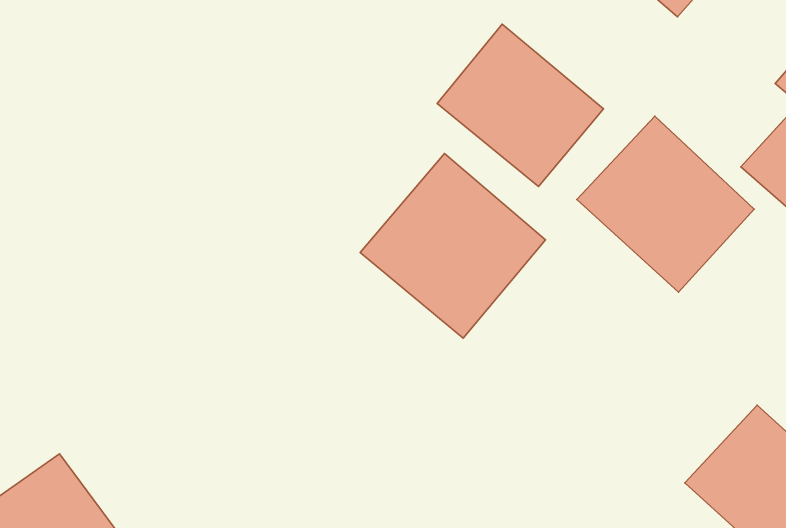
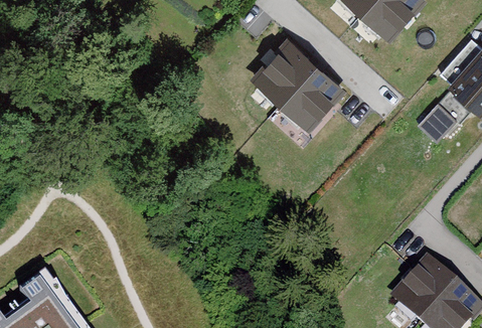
building: [577,116,754,292] -> none
building: [360,154,545,338] -> none

